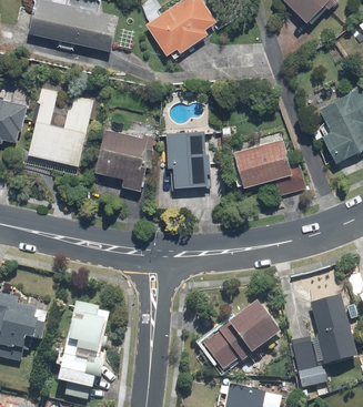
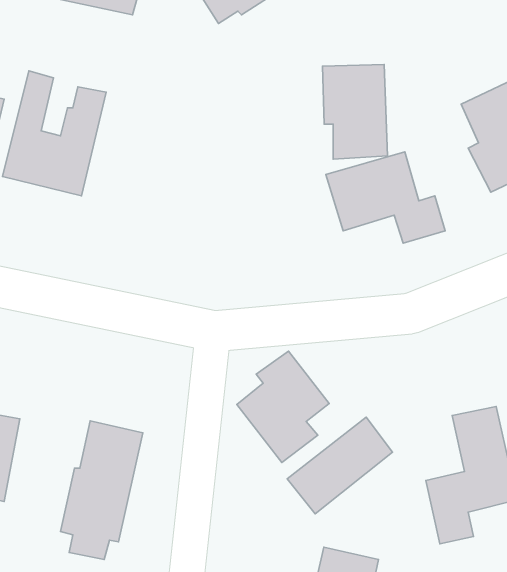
building: [92,129,154,191] -> none
building: [163,130,204,190] -> [323,64,388,159]
building: none -> [237,351,329,463]

